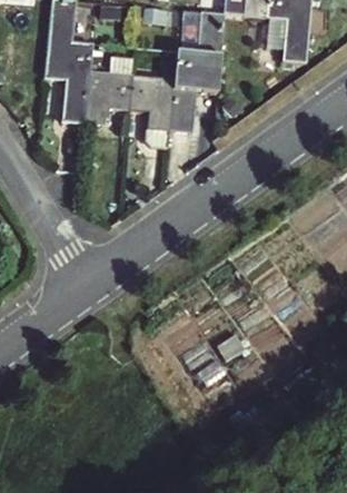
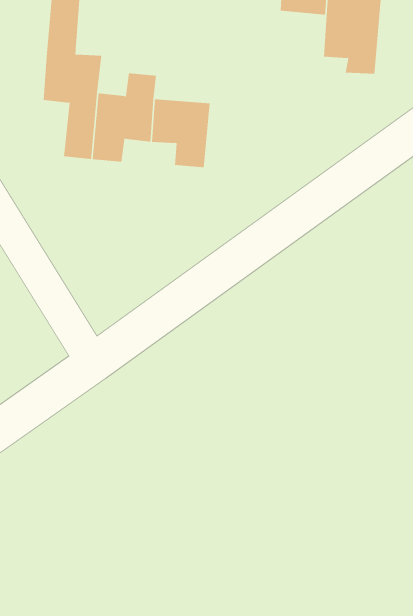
building: [171,8,226,134] -> none

